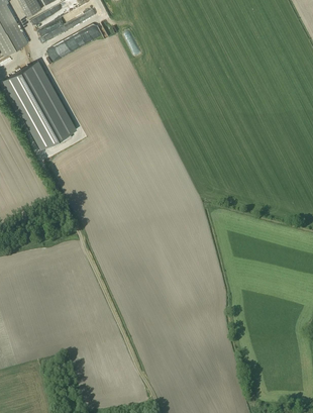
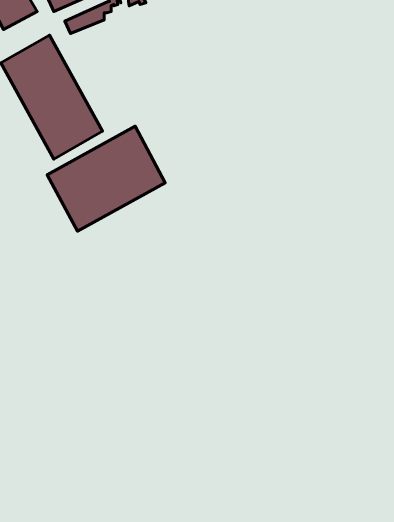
building: none -> [47,126,165,231]

